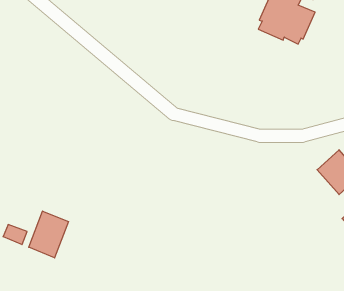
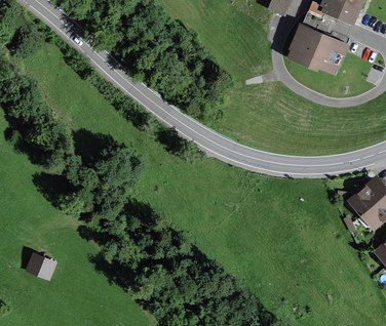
building: [29,211,69,258] -> none

